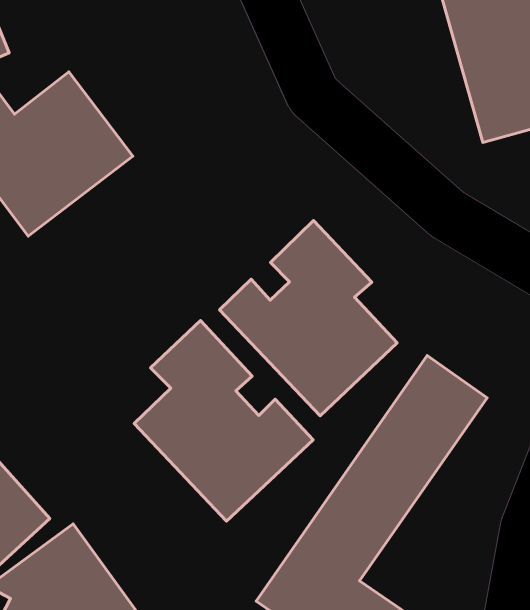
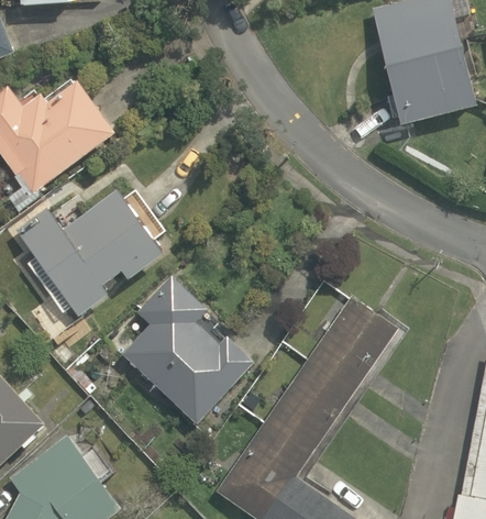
building: none -> [15,180,167,318]
building: [219,221,397,416] -> none

